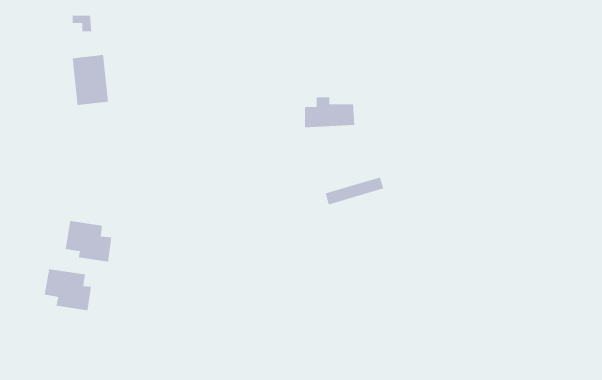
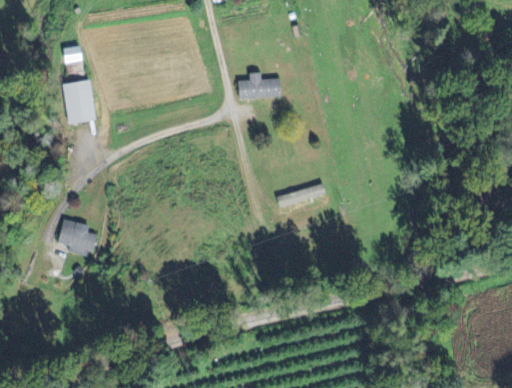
building: [304,97,355,128] -> [238,73,281,99]
building: [44,268,92,311] -> none

